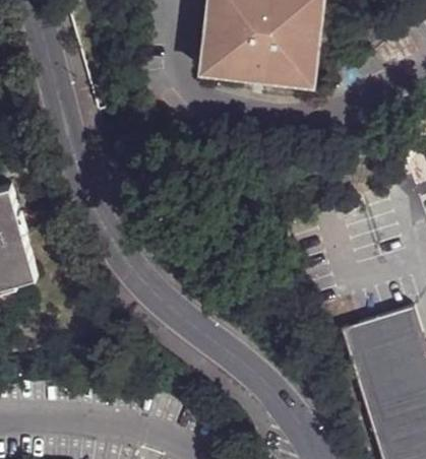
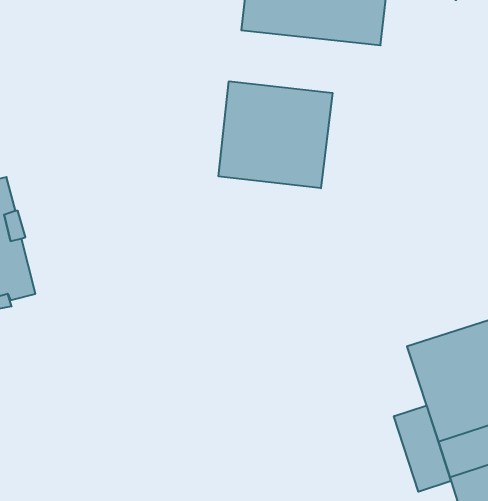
building: none -> [219,81,333,188]
building: none -> [394,406,451,492]

